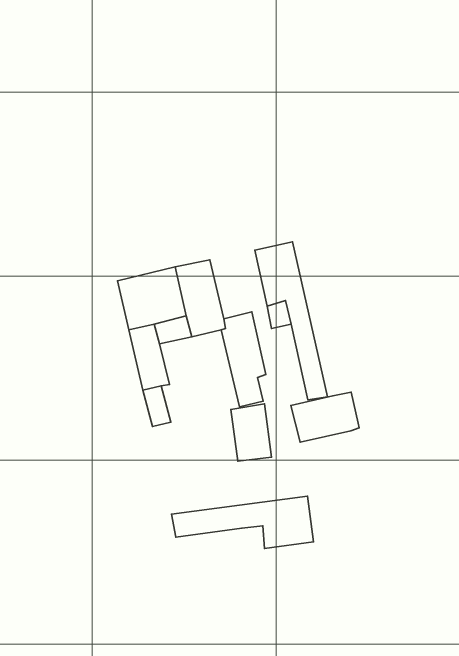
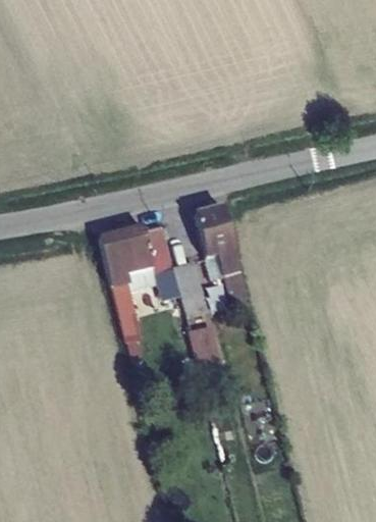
building: [291,392,359,442] -> none
building: [171,496,314,548] -> none

